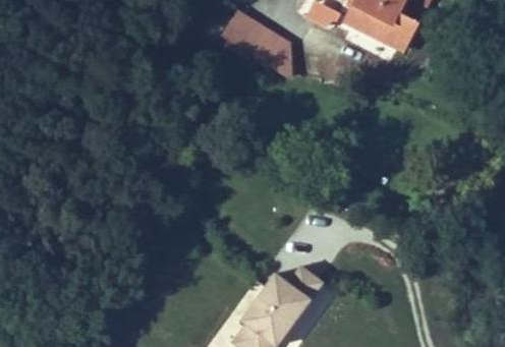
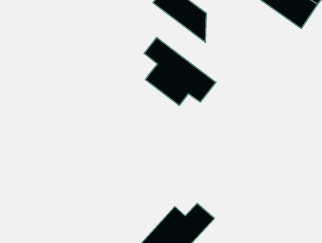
building: none -> [144,37,216,106]

